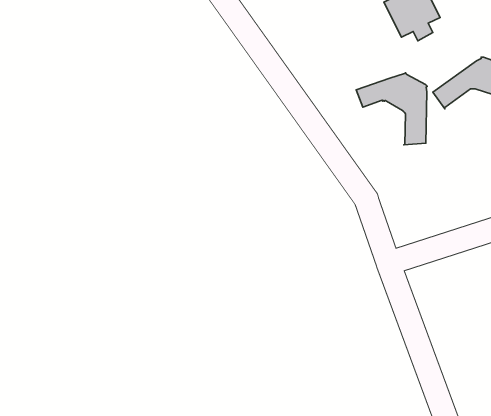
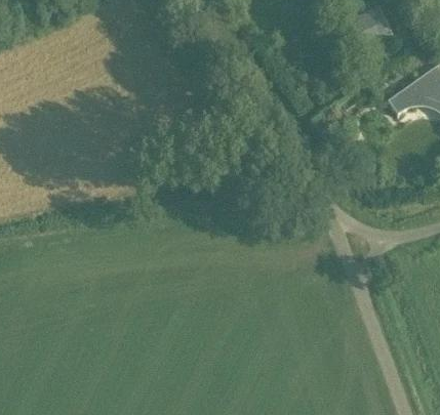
building: [356,73,427,145] -> none

